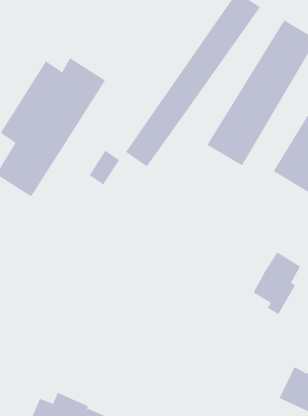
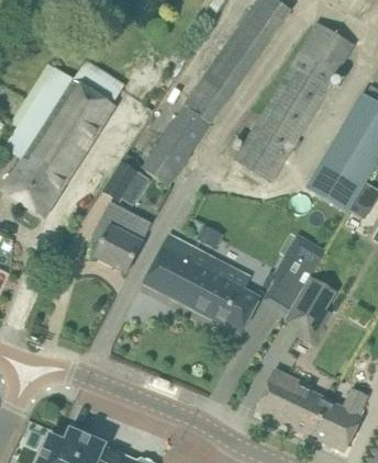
building: none -> [92,202,151,272]
building: none -> [144,233,259,332]
building: none -> [266,242,324,296]
building: none -> [255,370,330,436]

